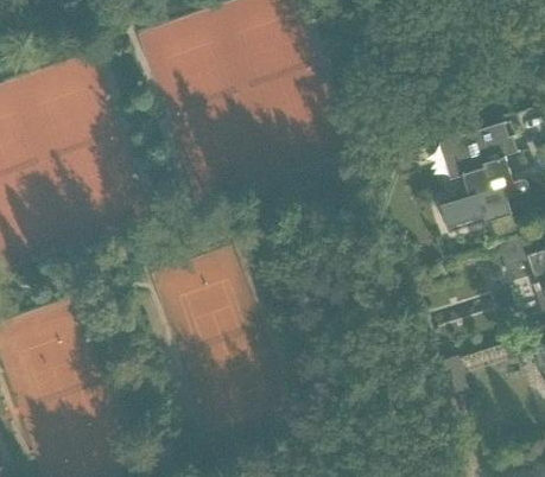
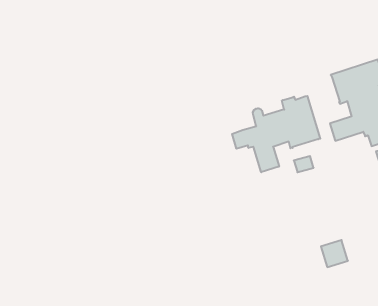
building: none -> [232,96,320,172]

